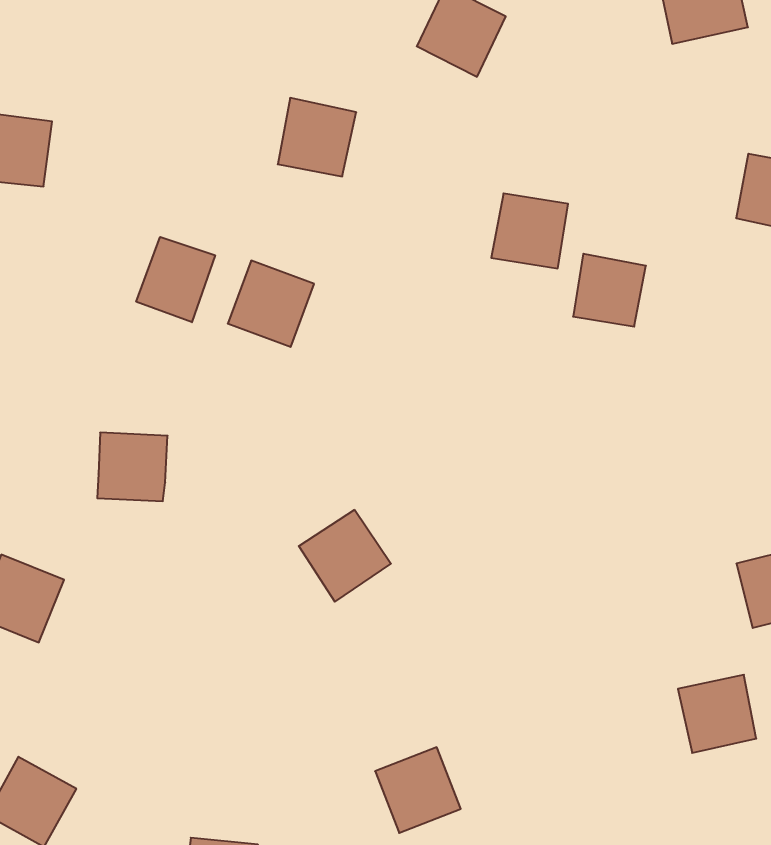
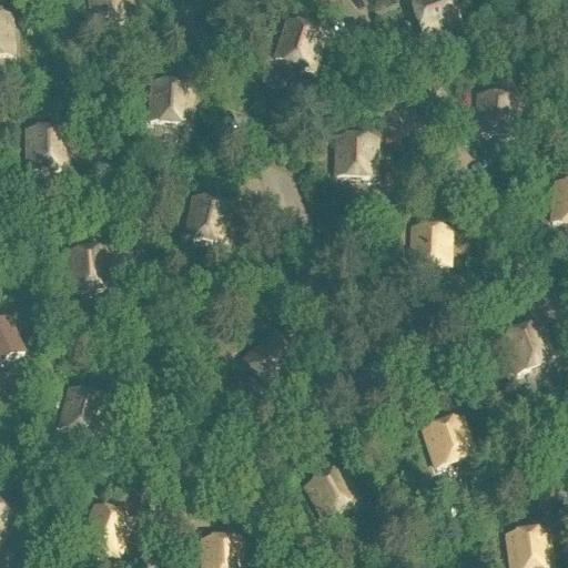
building: [278,98,356,176] -> [148,79,190,121]
building: [136,237,215,322] -> none
building: [573,254,646,327] -> [409,223,448,262]
building: [97,433,168,501] -> [65,246,108,288]
building: [678,675,756,753] -> [422,415,471,465]

